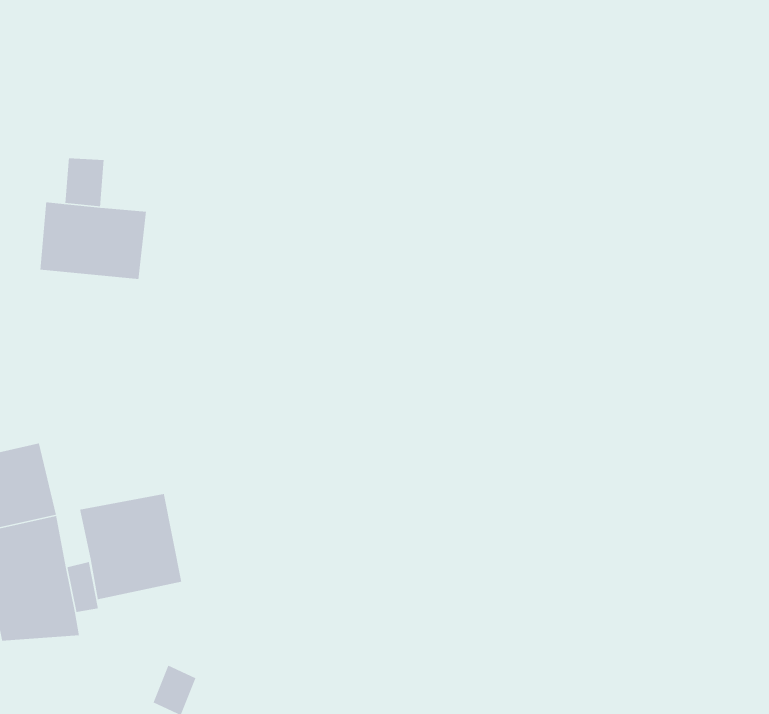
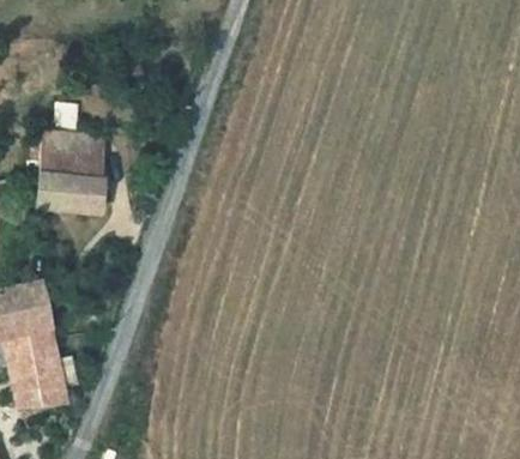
building: none -> [37,173,102,211]
building: [79,493,182,600] -> none

